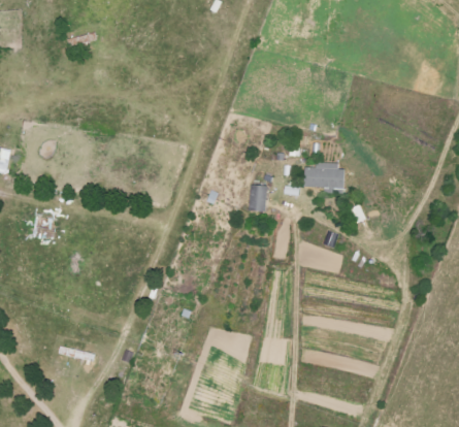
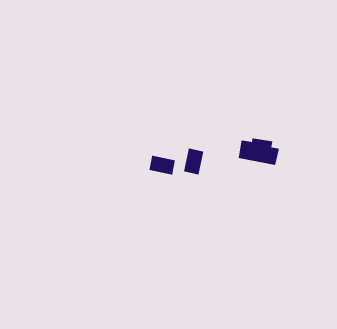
building: none -> [149,155,175,176]

